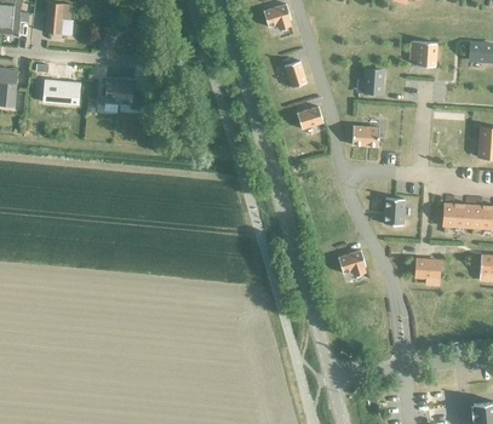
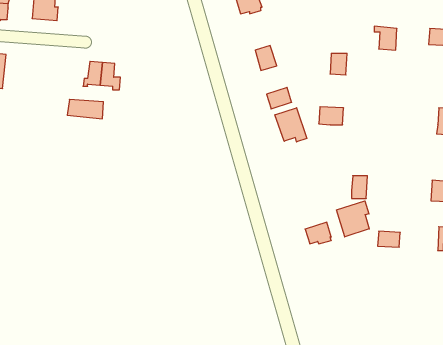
building: [38,88,76,109] -> [67,99,103,119]
building: none -> [275,108,307,142]
building: [442,205,472,228] -> none
building: none -> [337,201,369,237]

